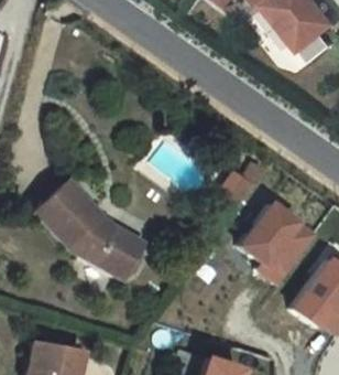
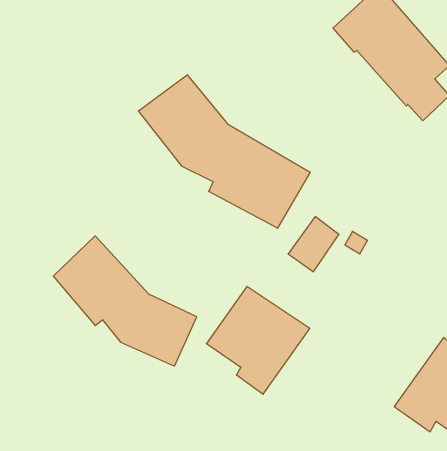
building: none -> [138,75,310,228]
building: [237,196,313,276] -> [206,287,310,394]

